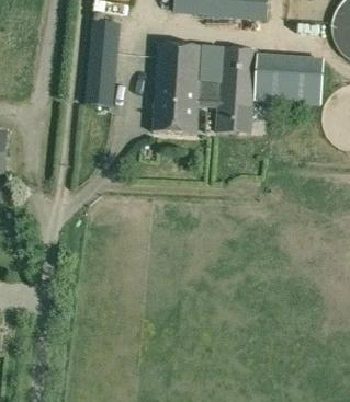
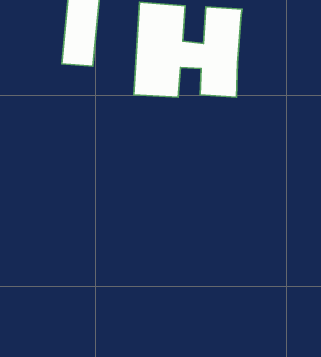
building: [253,54,323,104] -> none

